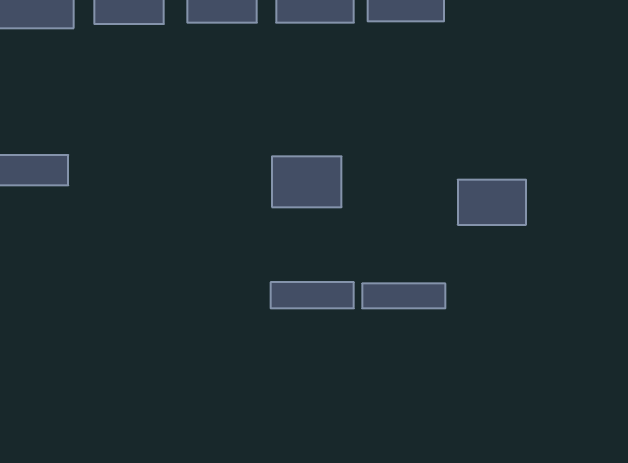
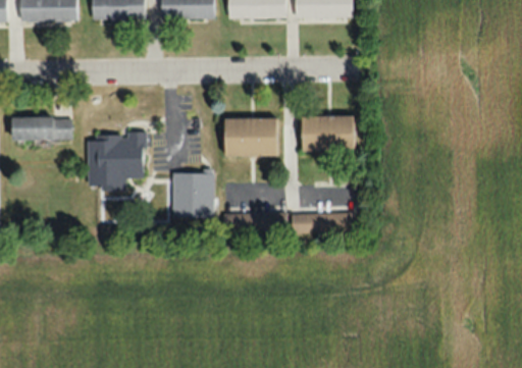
building: none -> [88,135,144,190]
building: [458,180,526,225] -> [302,116,353,150]
building: none -> [172,173,213,218]

